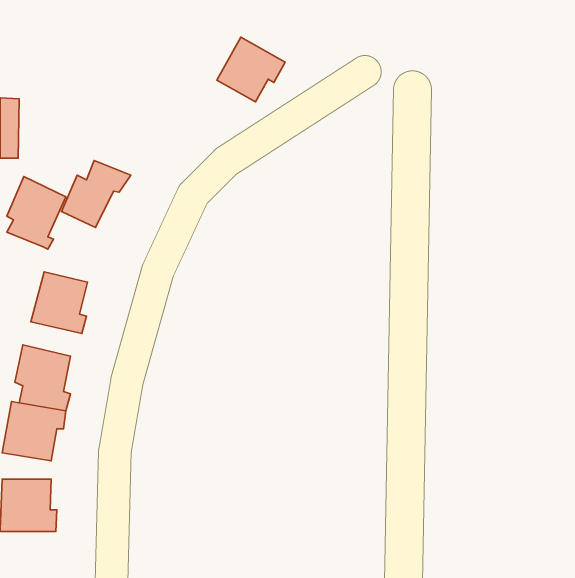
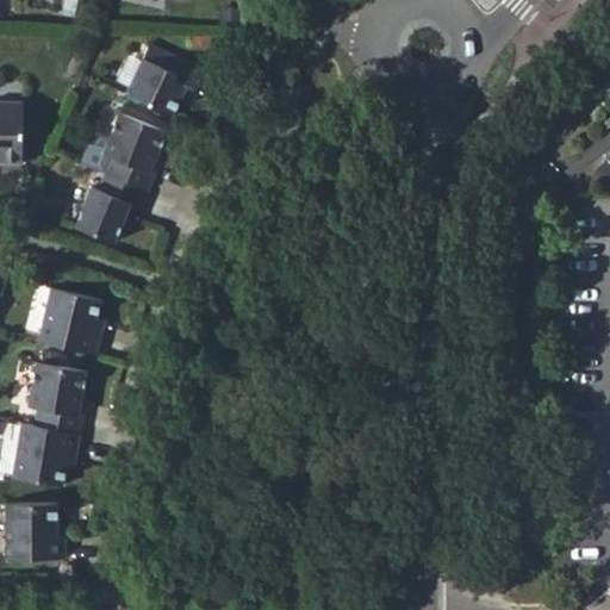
building: [217,37,285,102] -> [130,50,201,118]
building: [7,176,66,249] -> [105,113,167,189]

